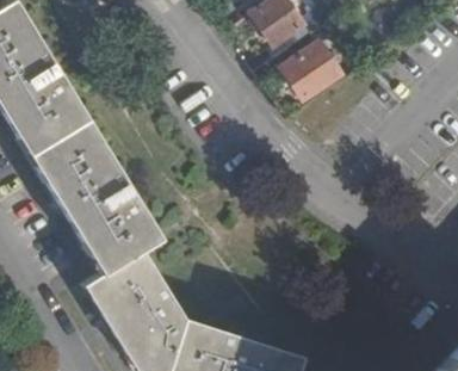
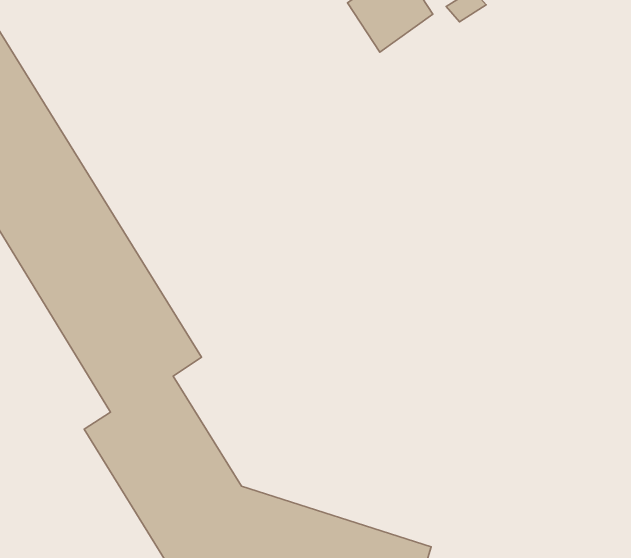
building: [284,44,344,100] -> none

